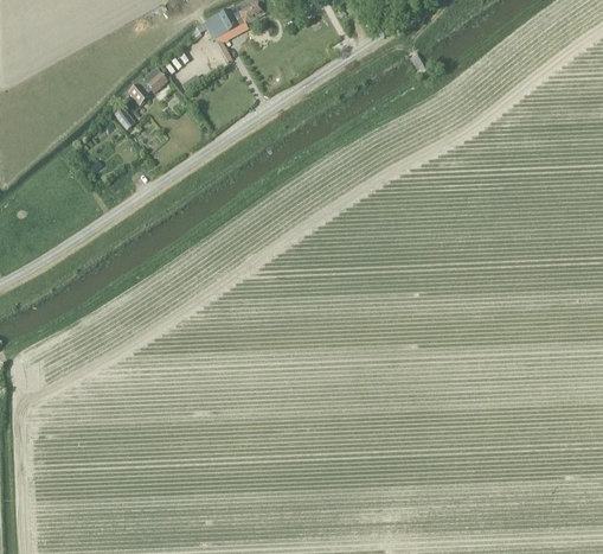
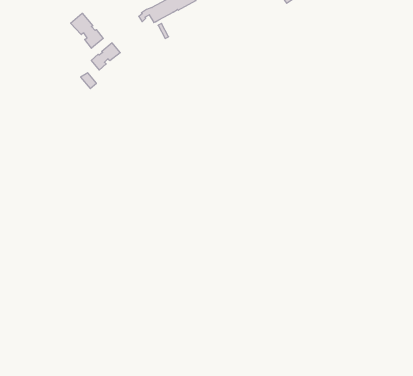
building: none -> [71,13,103,48]

